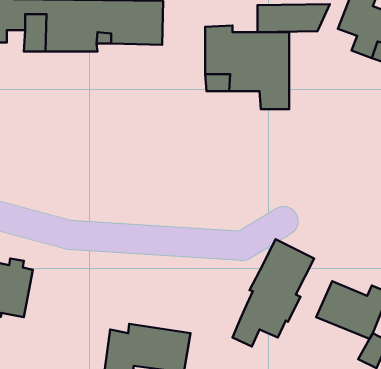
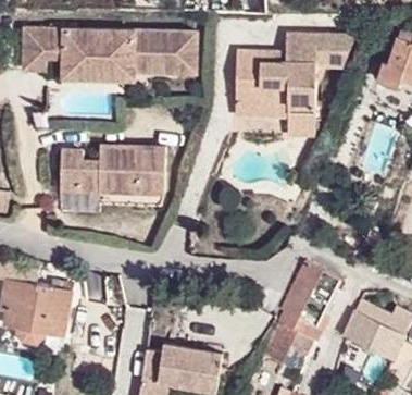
building: none -> [61,148,166,195]

